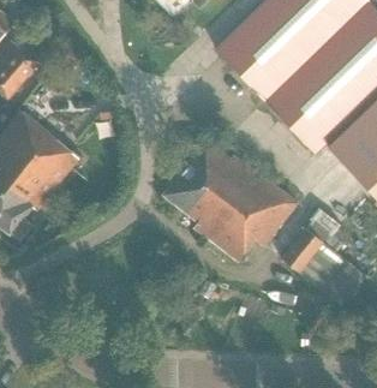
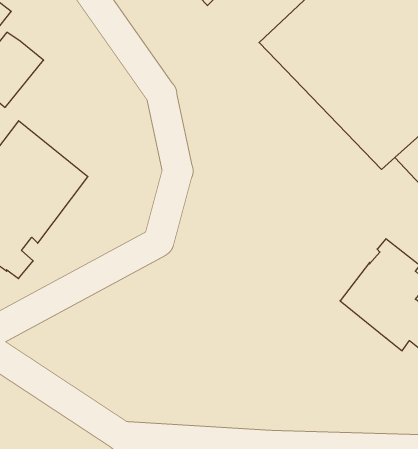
building: [163,139,297,262] -> none

